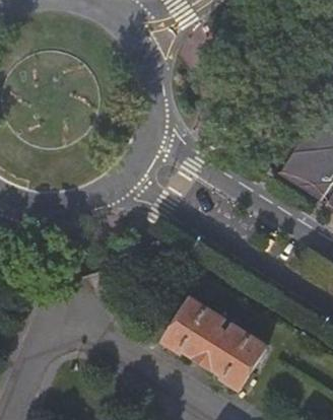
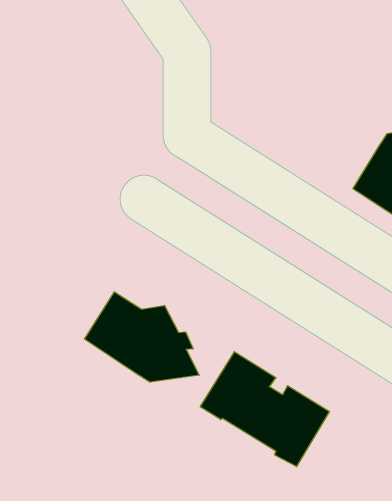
building: none -> [84,292,199,382]

